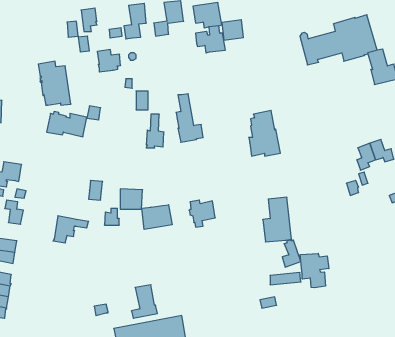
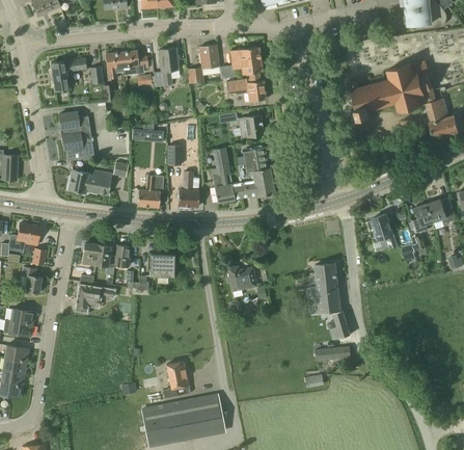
building: none -> [51,58,86,90]
building: [222,20,243,40] -> [239,114,263,137]
building: [97,50,121,72] -> [121,50,147,75]
building: [249,110,280,156] -> [239,145,274,196]
building: none -> [137,175,163,207]
building: none -> [367,214,398,250]
building: none -> [82,242,115,266]
building: [142,205,172,229] -> none
building: [300,253,329,288] -> none

